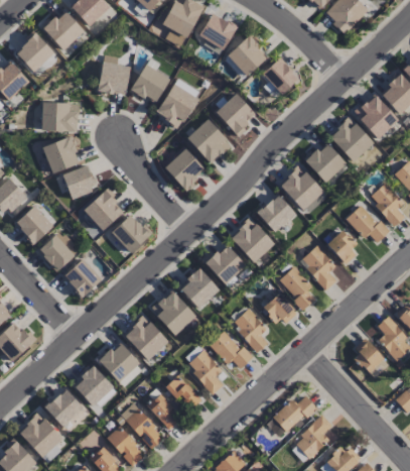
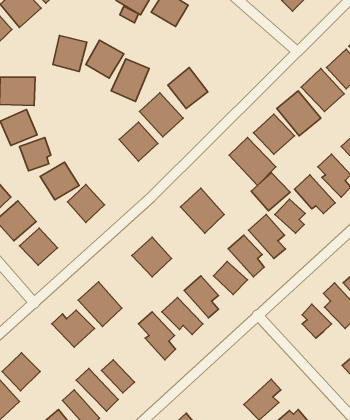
building: [228,35,269,77] -> none
building: [263,58,298,95] -> none
building: [256,194,296,233] -> [251,173,290,211]
building: [202,246,246,284] -> none
building: [151,289,195,336] -> none
building: [72,366,117,410] -> none
building: [165,375,201,409] -> none
building: [272,395,315,434] -> none

